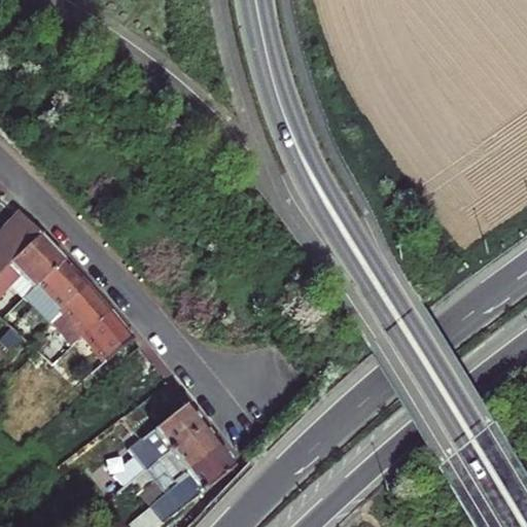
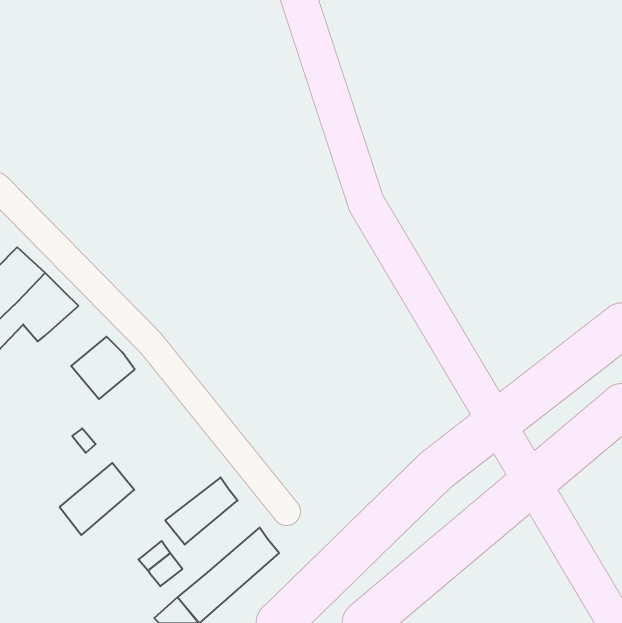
building: [32,257,90,313] -> none
building: [83,311,131,356] -> none
building: [155,421,218,482] -> [60,463,134,535]

